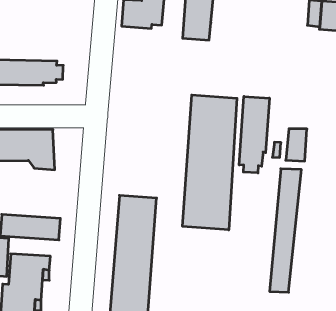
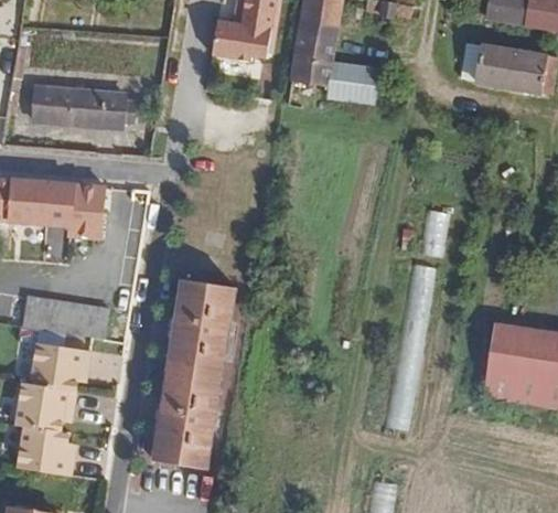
building: none -> [324,61,375,104]
building: [183,95,237,230] -> none
building: [239,96,269,173] -> none

